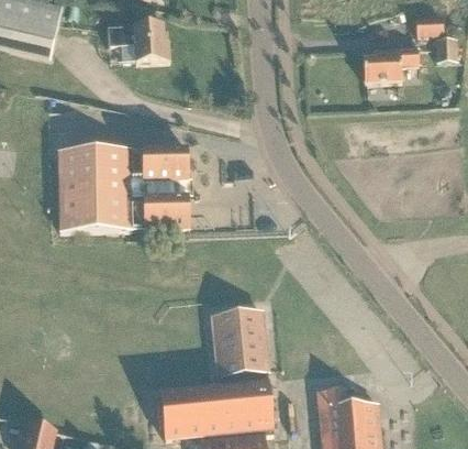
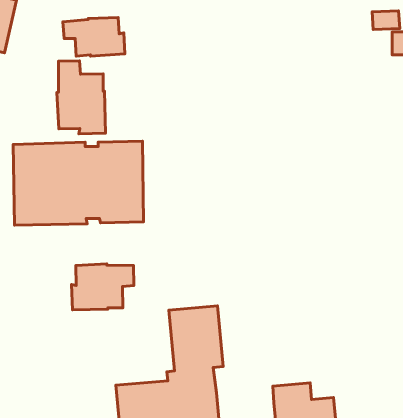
building: [364,46,420,80] -> none
building: none -> [57,61,105,134]
building: none -> [72,264,134,310]

